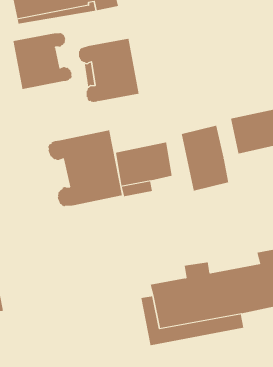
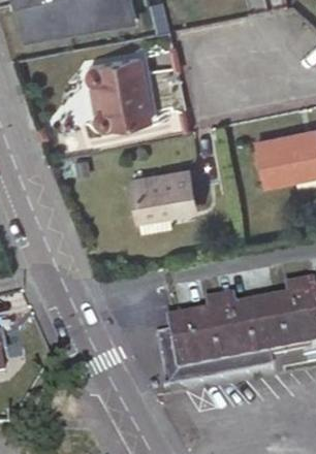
building: [13,32,72,90] -> none
building: [181,125,229,192] -> none
building: [48,130,123,207] -> none

